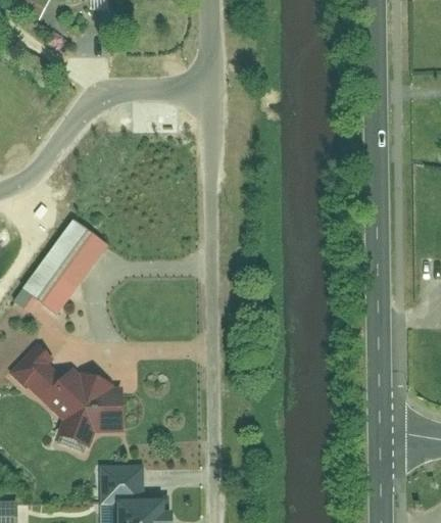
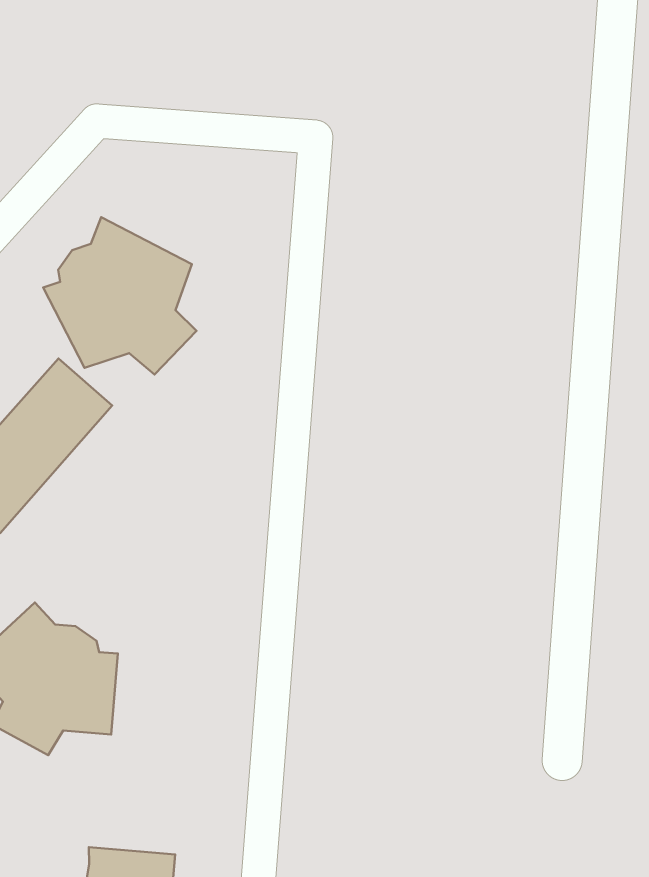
building: none -> [43,217,196,375]
building: [96,465,141,504] -> none

